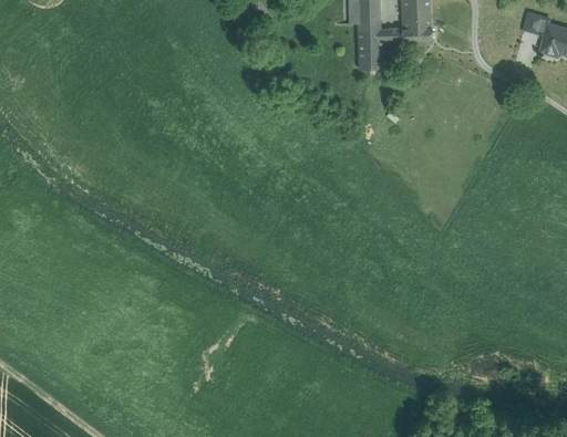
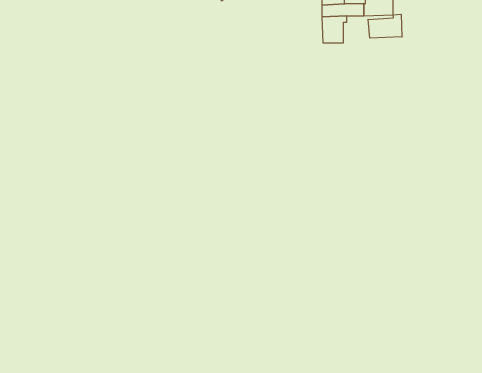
building: none -> [368,14,402,38]

